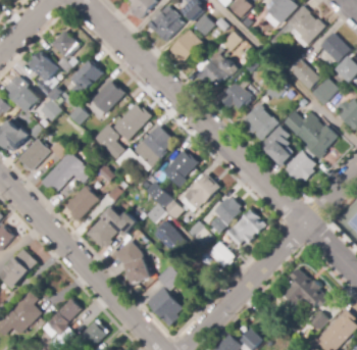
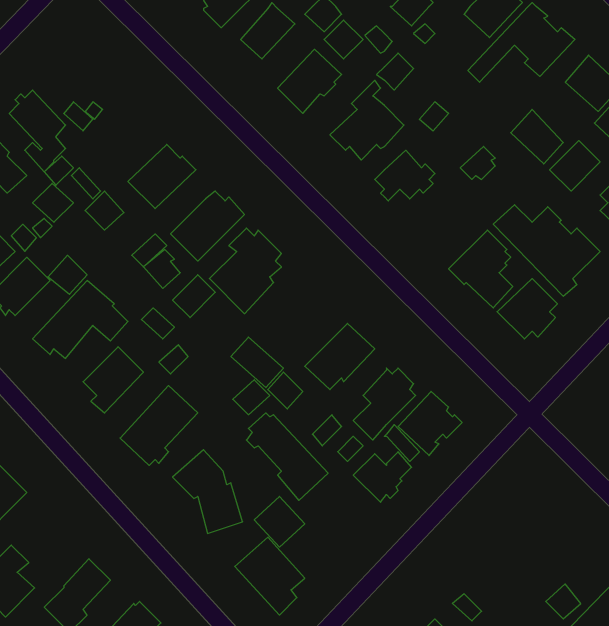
building: [51,29,79,57] -> none
building: [70,60,101,96] -> none
building: [239,103,273,135] -> none
building: [166,149,197,186] -> none
building: [284,268,328,307] -> none

